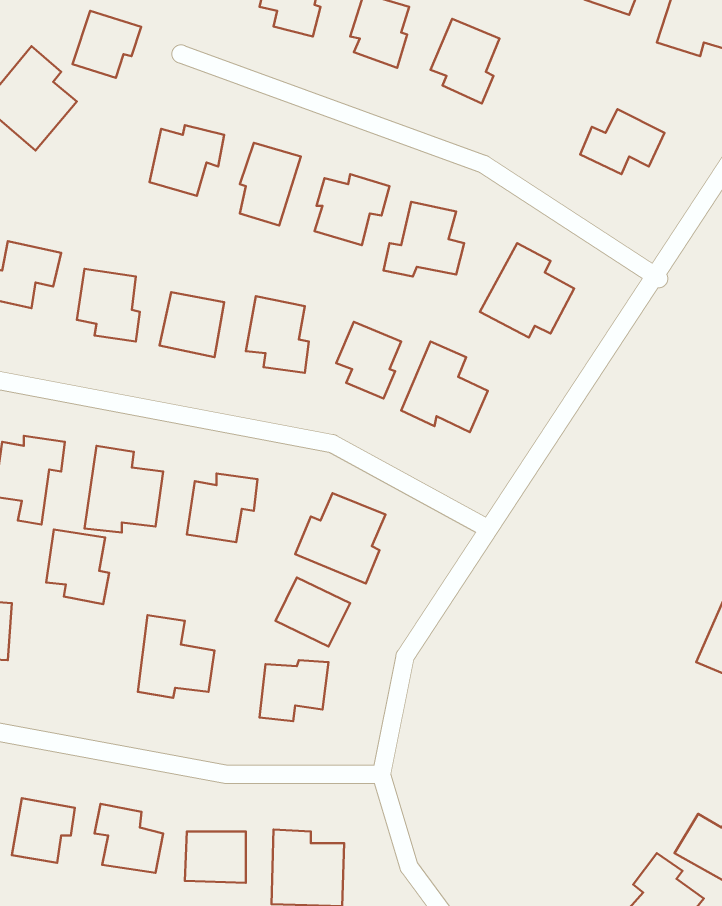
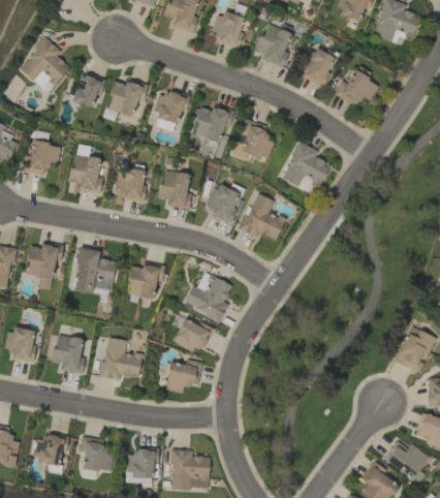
building: [72,11,141,78] -> [69,72,105,107]
building: none -> [300,46,334,87]
building: [46,530,109,604] -> [52,335,85,374]

